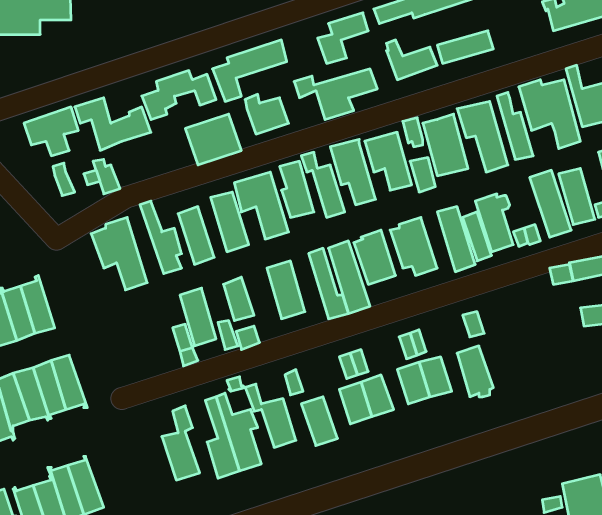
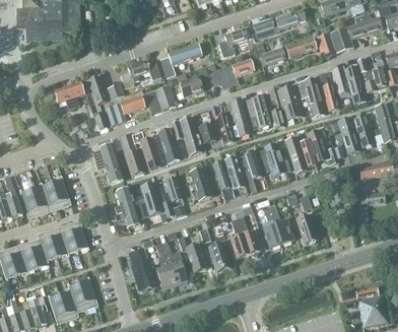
building: none -> [316,25,353,56]
building: none -> [105,94,145,125]
building: none -> [115,187,140,226]

